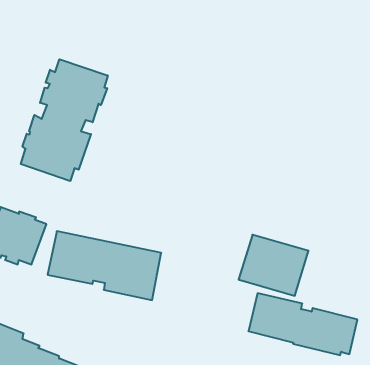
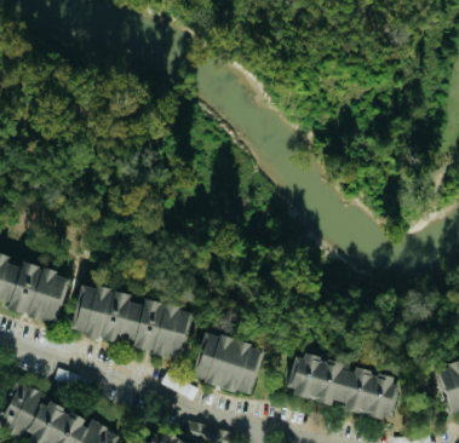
building: [21,59,108,181] -> none
building: [239,235,309,296] -> [191,332,265,396]

